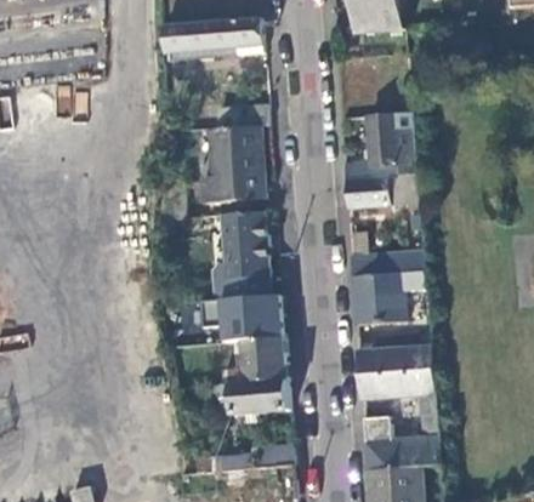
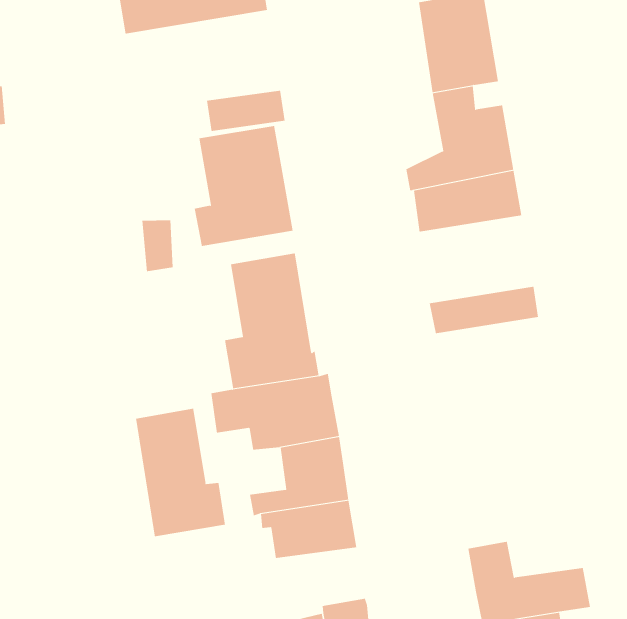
building: [351,272,422,326] -> none
building: none -> [135,408,225,537]
building: [354,344,434,434] -> none

